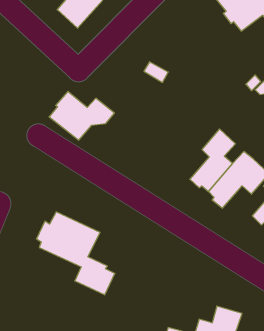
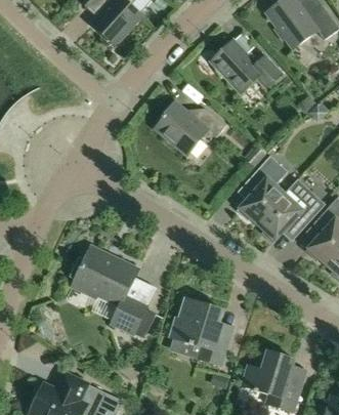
building: none -> [209,39,282,92]
building: [49,92,114,140] -> [154,100,225,154]
building: none -> [170,297,232,365]

